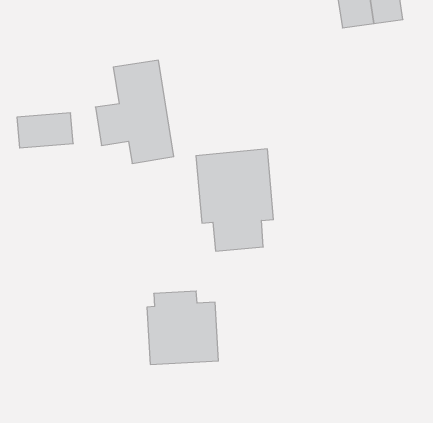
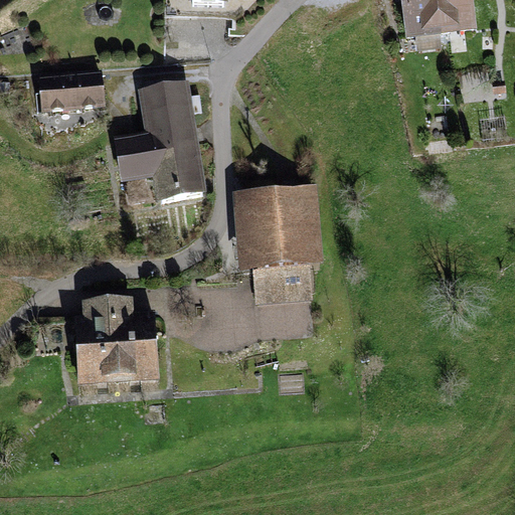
building: [17,113,73,148] -> [37,70,104,112]
building: [147,291,218,364] -> [73,297,158,383]

